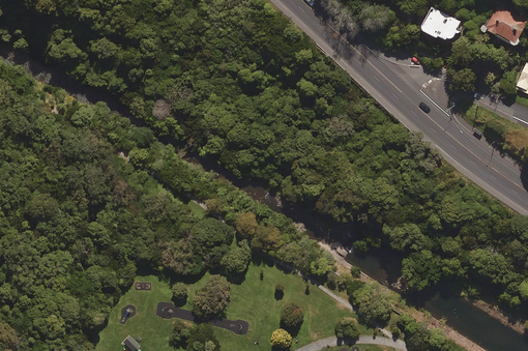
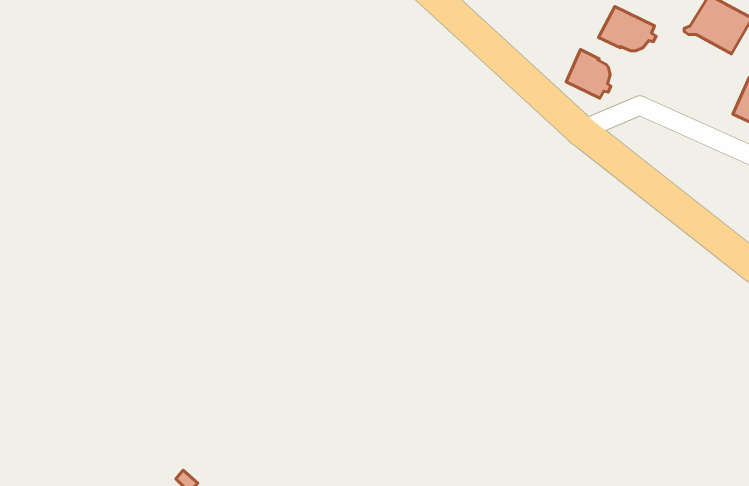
building: none -> [566,50,611,98]

